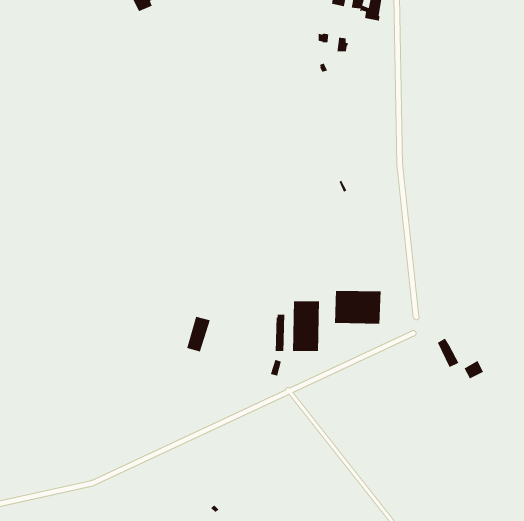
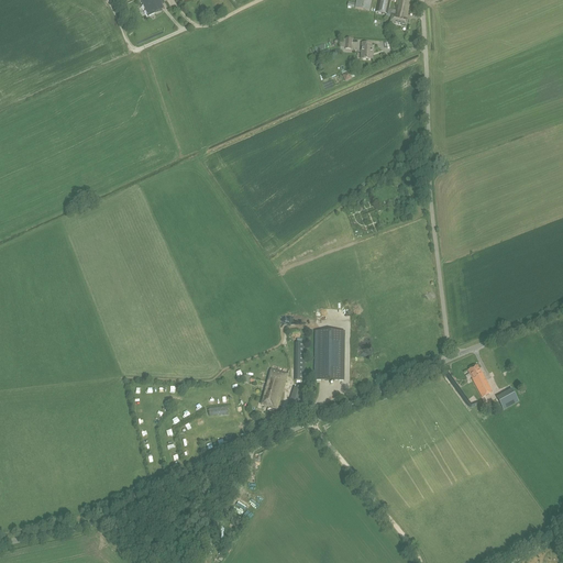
building: [334,290,381,325] -> none
building: [186,316,211,353] -> [262,366,288,406]

